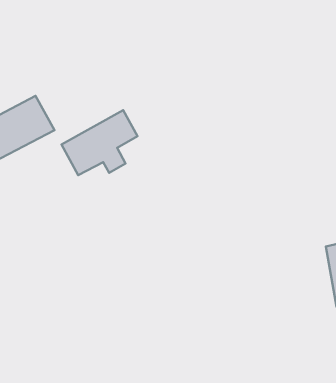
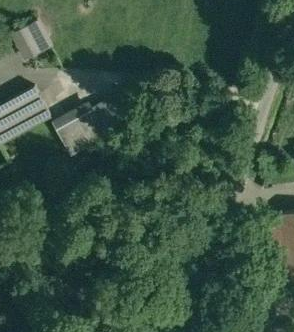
building: none -> [12,19,56,60]

